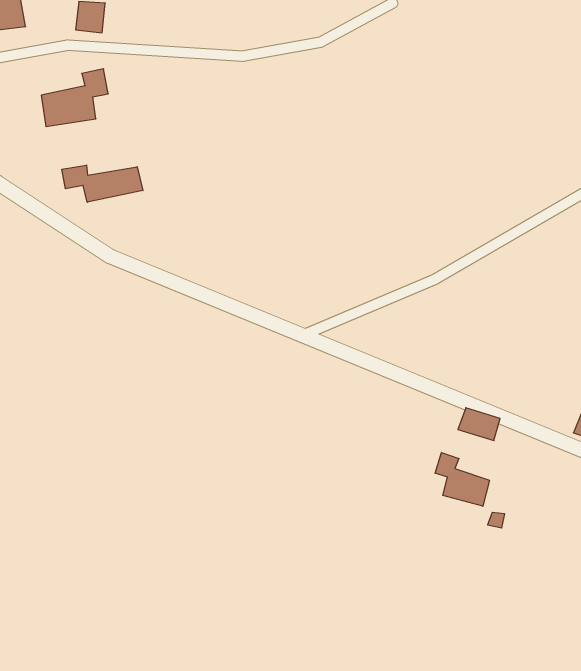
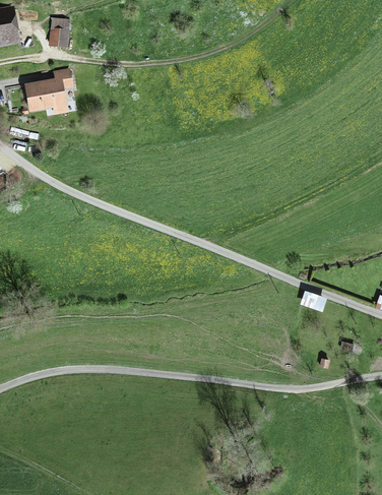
building: [62,165,143,202] -> none
building: [435,453,490,506] -> none

